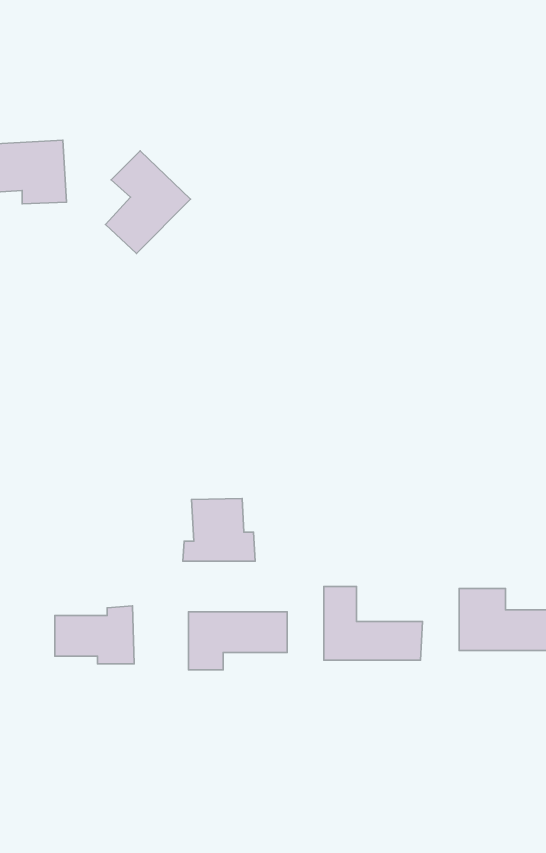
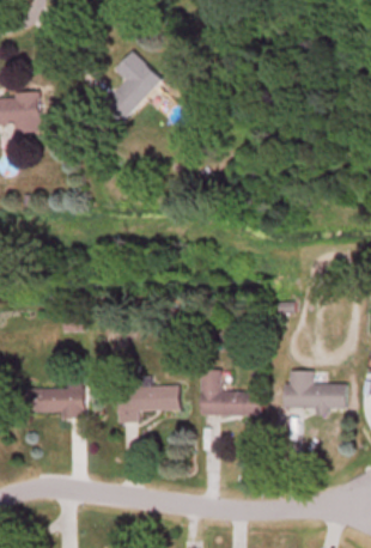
building: [105,151,191,253] -> [111,51,164,115]
building: [183,499,255,561] -> none

